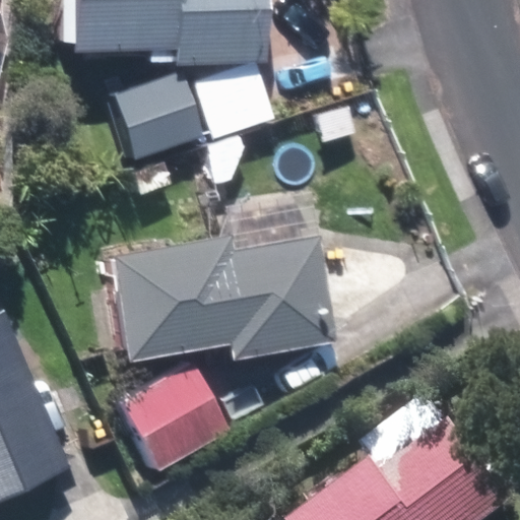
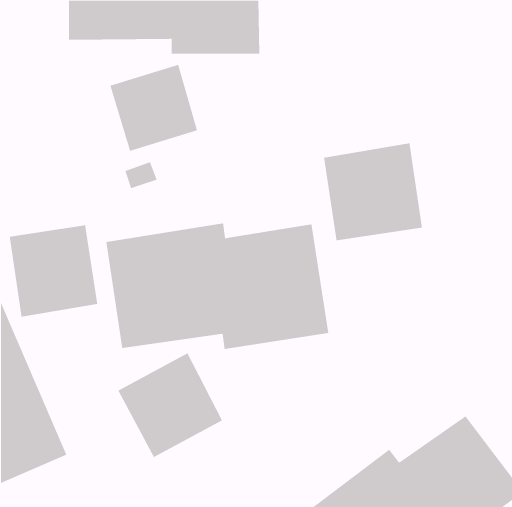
building: none -> [323,142,422,241]
building: none -> [9,225,98,318]

